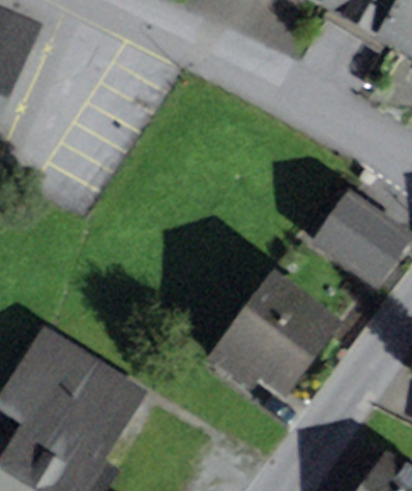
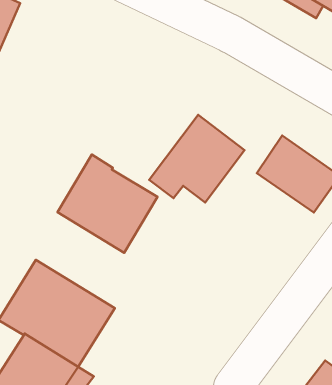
building: none -> [57,154,158,253]
building: [215,279,328,382] -> [149,115,245,203]

